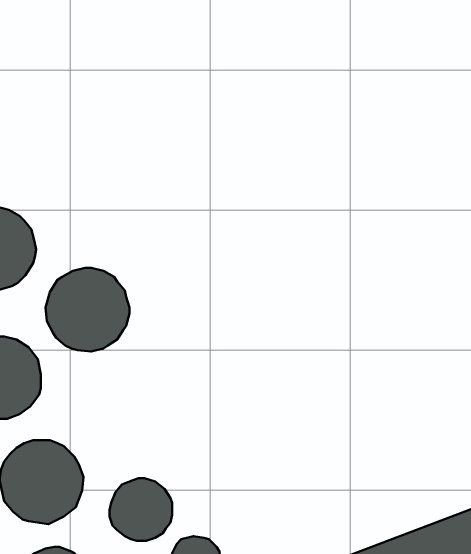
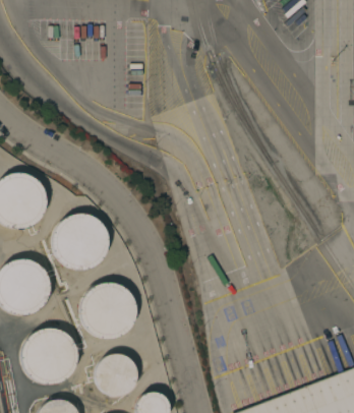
building: none -> [80,283,136,339]

